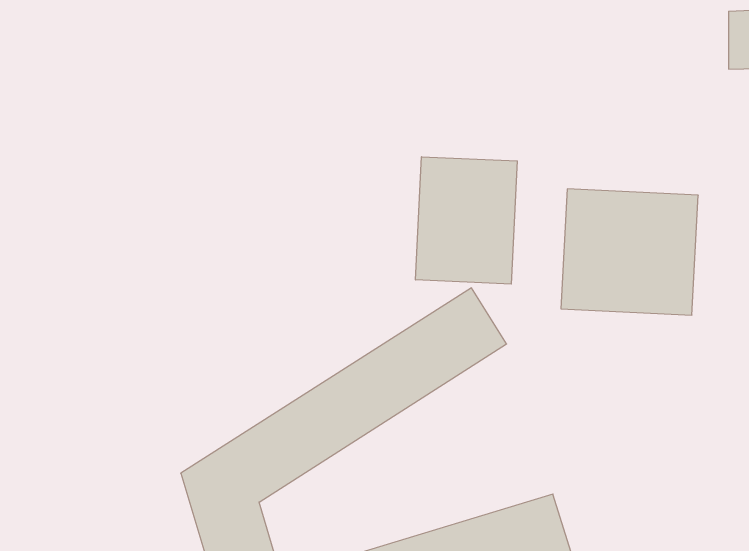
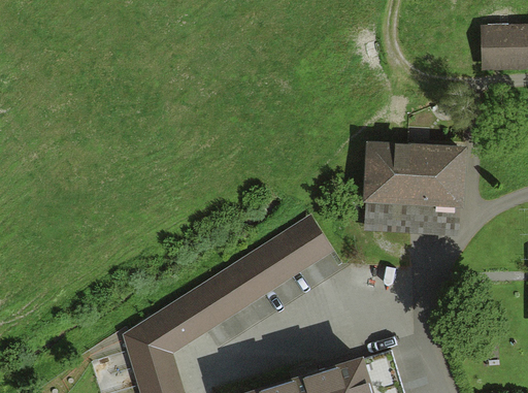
building: [416,157,517,284] -> none

